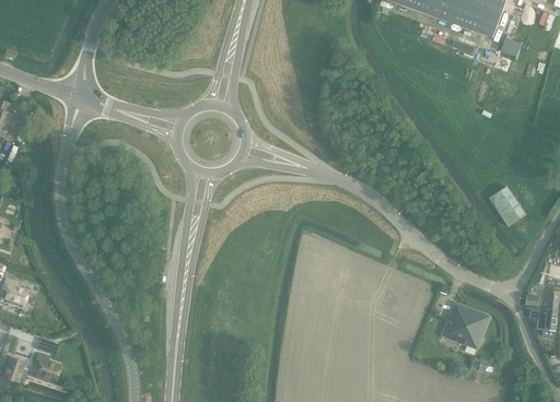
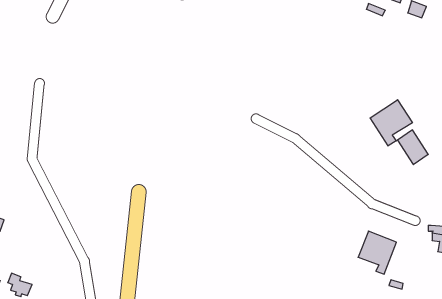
building: none -> [370,100,412,146]

